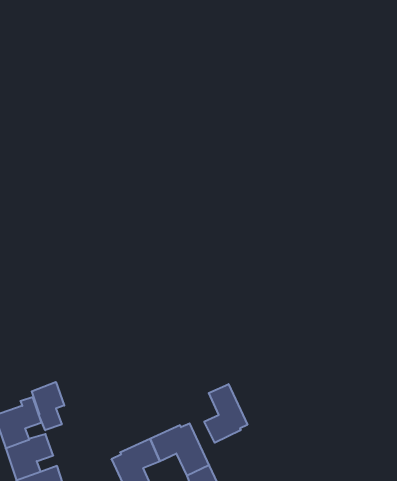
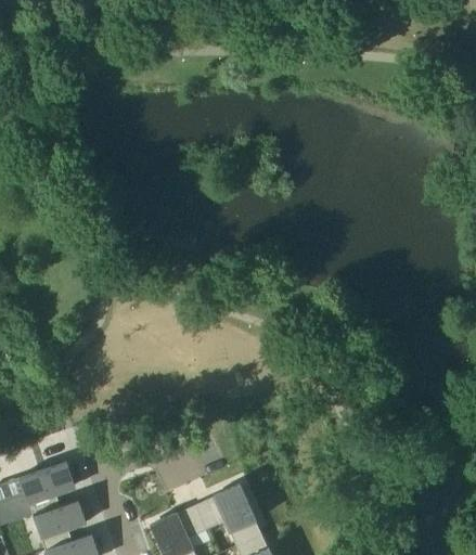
building: [32,382,64,430] -> none
building: [204,384,247,443] -> none

